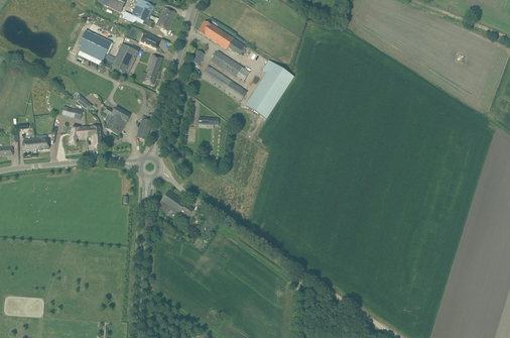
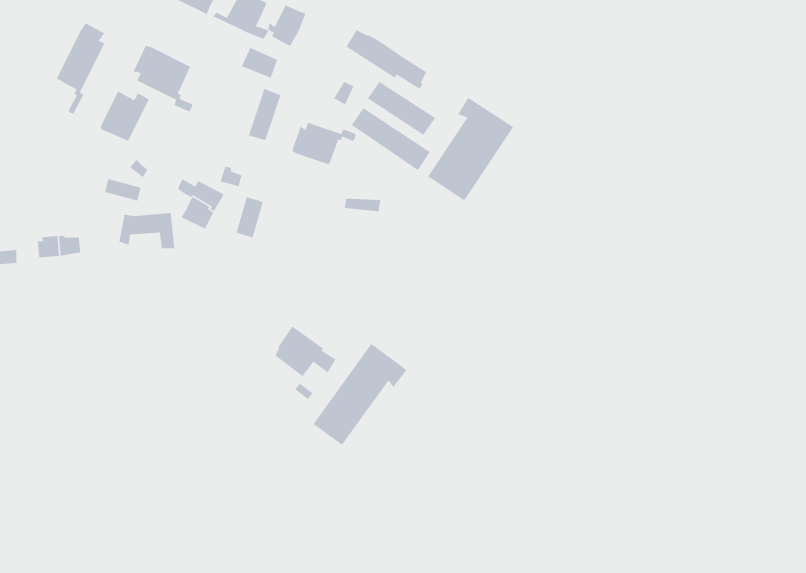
building: none -> [56,22,105,114]
building: [112,42,140,72] -> [100,90,150,142]
building: none -> [291,122,356,165]
building: none -> [313,343,408,446]

